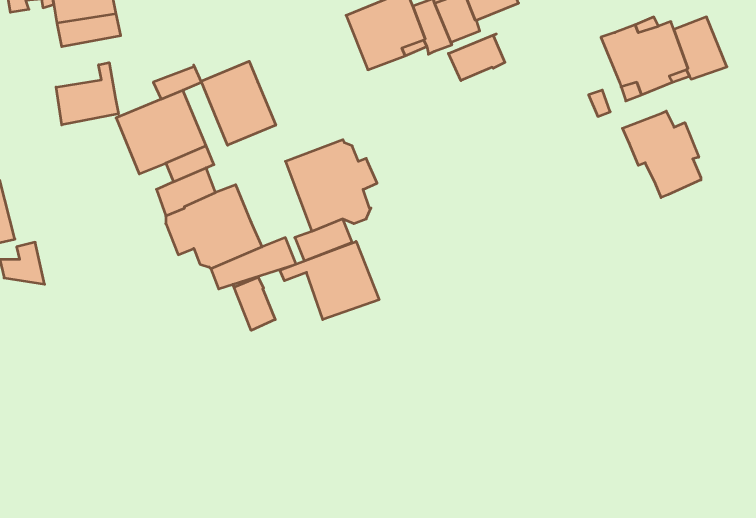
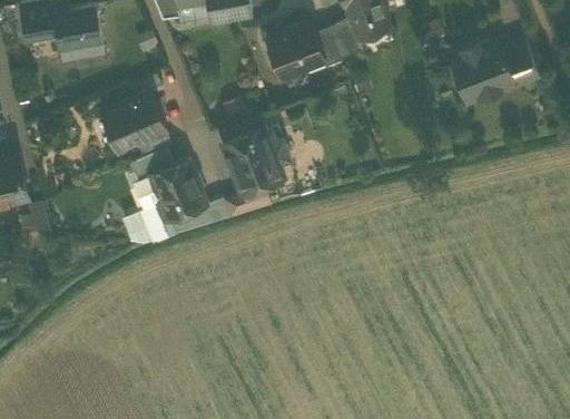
building: [448,34,505,81] -> none
building: [201,61,276,145] -> none
building: [56,63,118,125] -> none
building: [622,111,701,198] -> none
building: [280,241,379,320] -> none
building: [233,277,275,330] -> none

